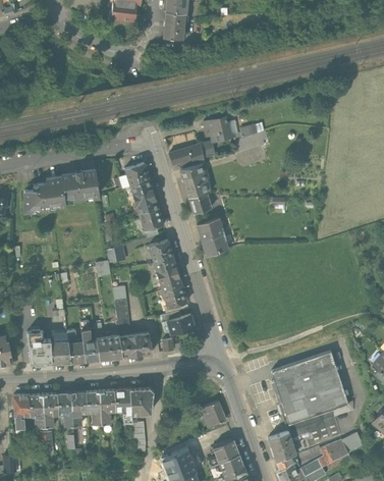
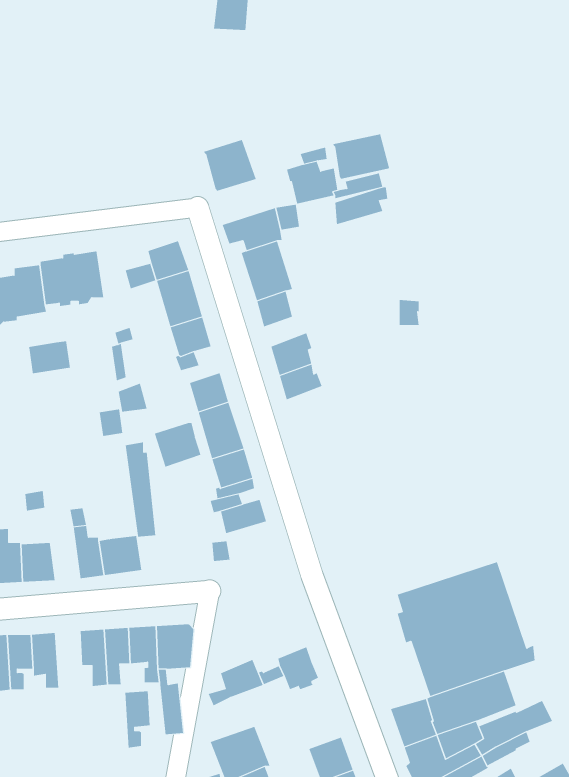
building: none -> [332,133,390,180]
building: none -> [203,139,256,192]
building: none -> [28,340,71,374]
building: none -> [154,422,201,467]
building: [66,329,85,362] -> none
building: [118,332,151,356] -> none
building: [70,391,86,425] -> [124,691,150,748]
building: [206,438,238,466] -> [208,659,263,706]

